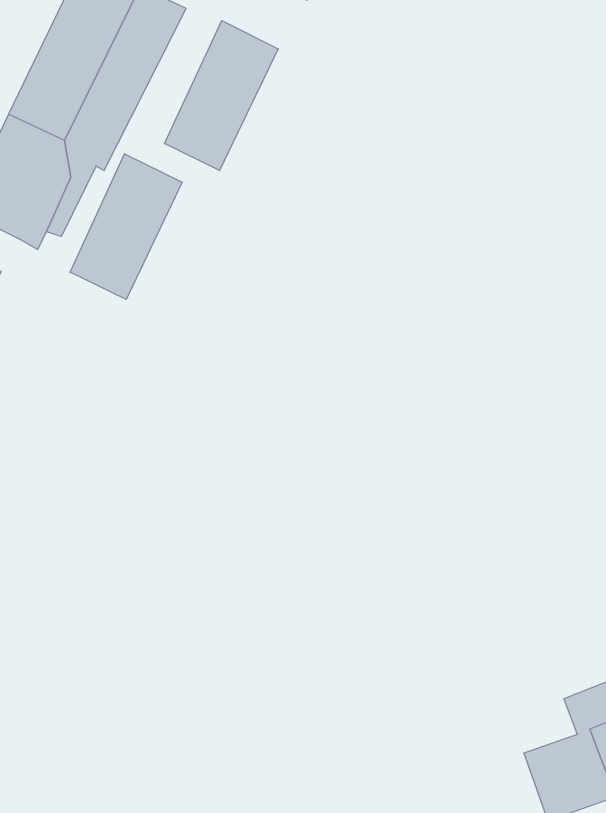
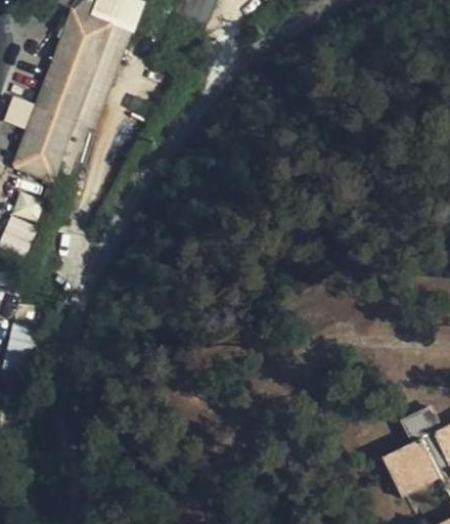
building: [164,21,278,171] -> none
building: [70,154,182,299] -> none

